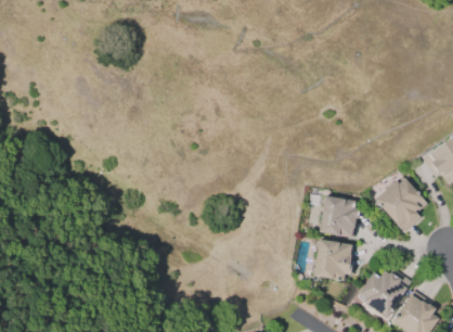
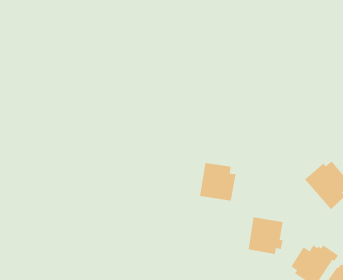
building: [318,196,359,239] -> [199,163,237,201]

